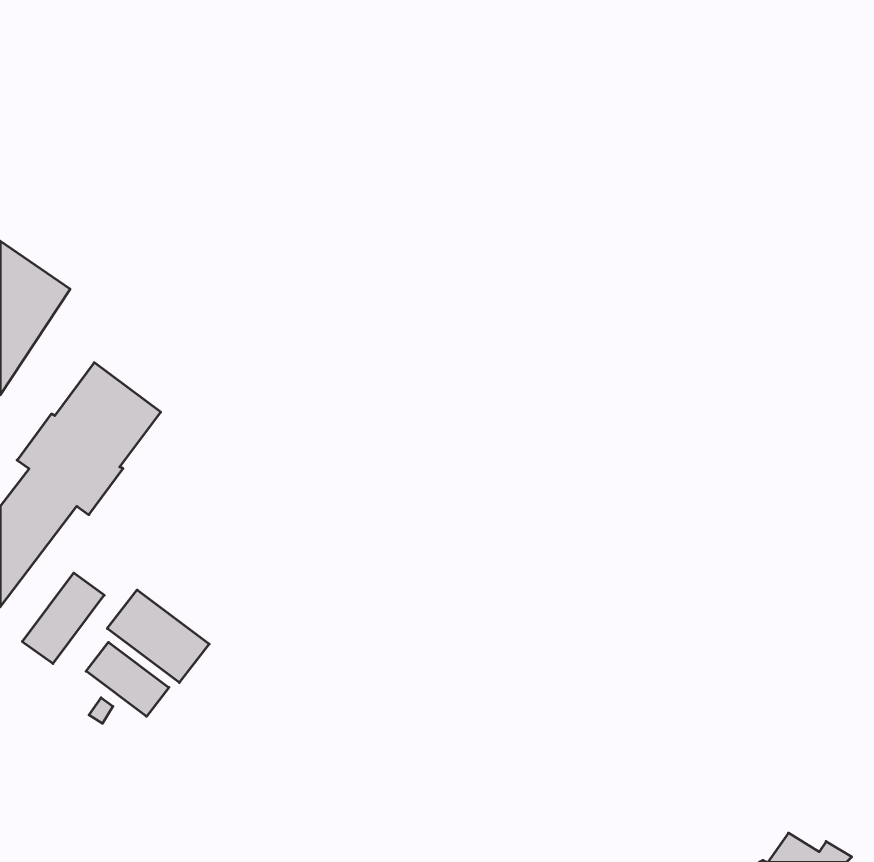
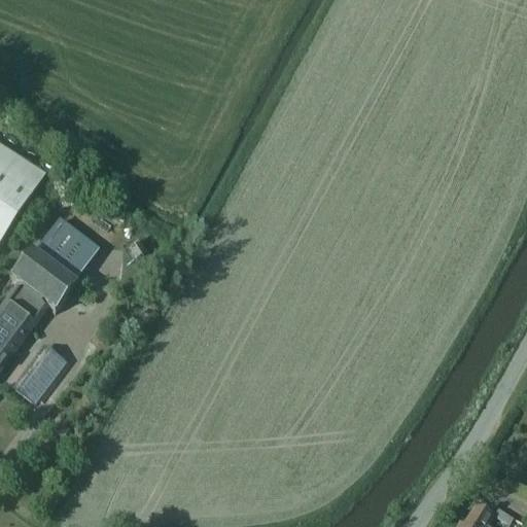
building: [107,590,209,683] -> none
building: [86,642,169,716] -> none

